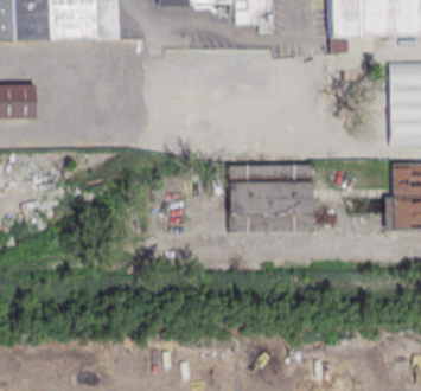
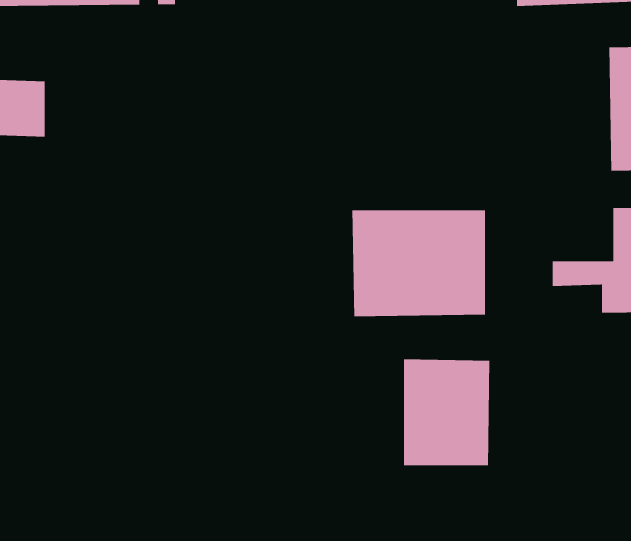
building: none -> [403,359,490,466]

